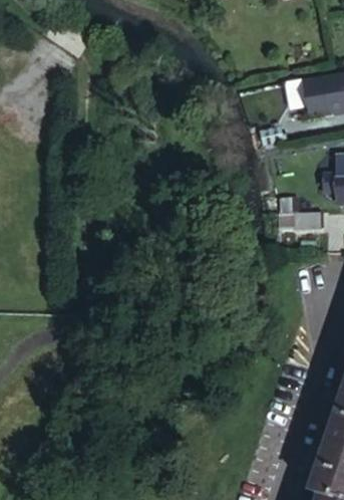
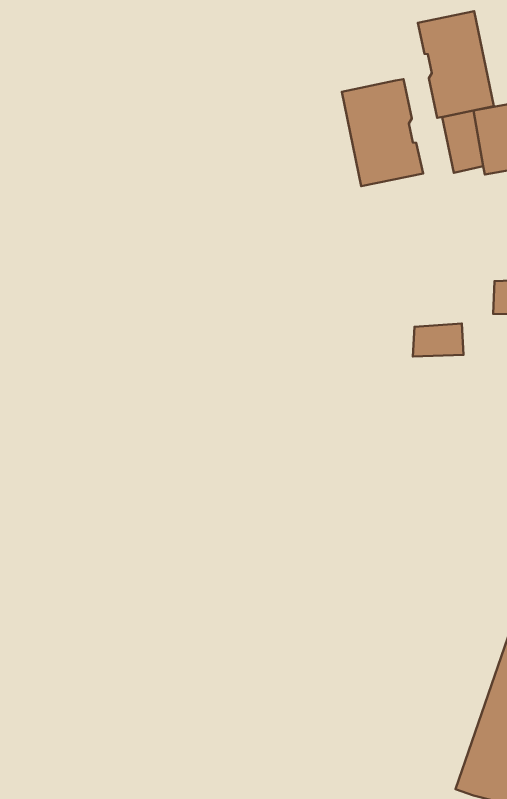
building: none -> [418,11,494,118]
building: none -> [342,79,423,186]

